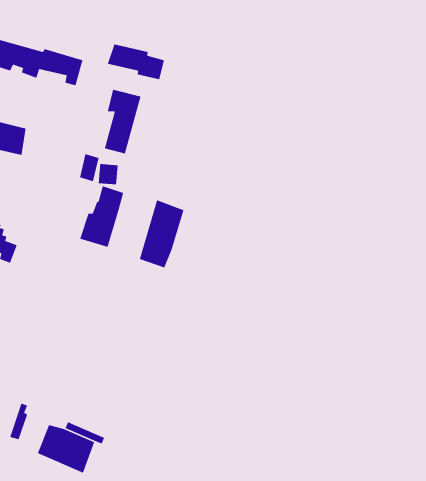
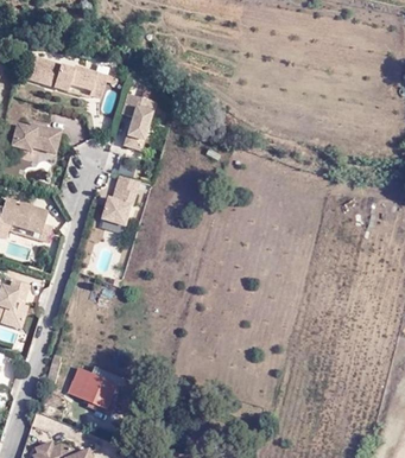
building: [107,44,165,80] -> none
building: [139,199,184,268] -> none

